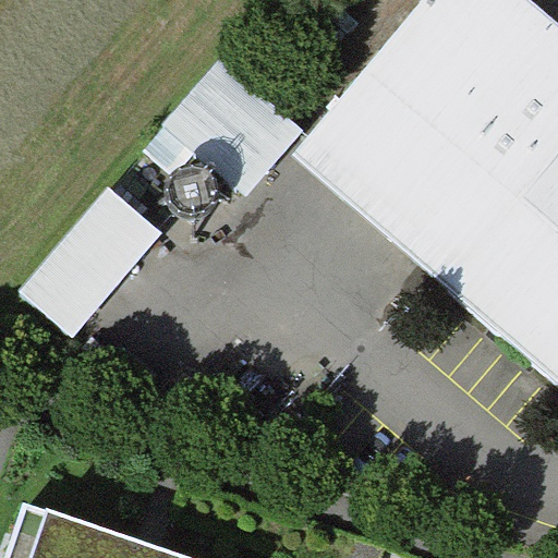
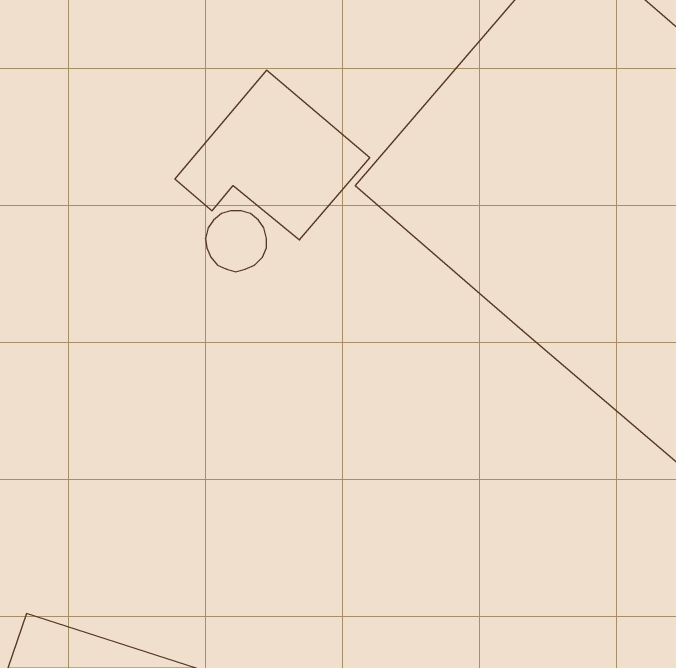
building: [21,186,160,335] -> none

